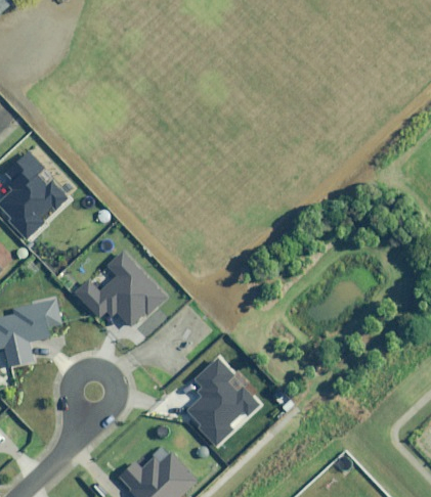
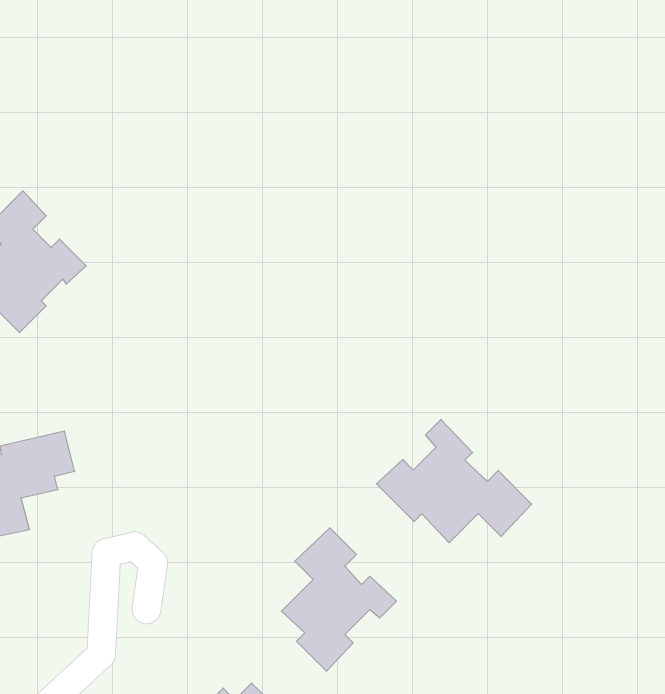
building: [75,251,167,324] -> none
building: none -> [377,419,532,543]

